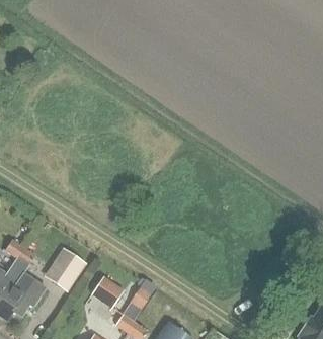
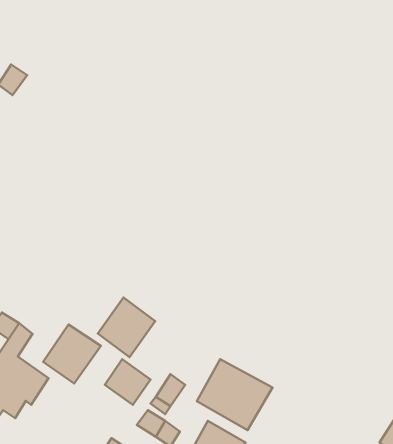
building: none -> [98,297,155,357]
building: none -> [197,359,272,430]

